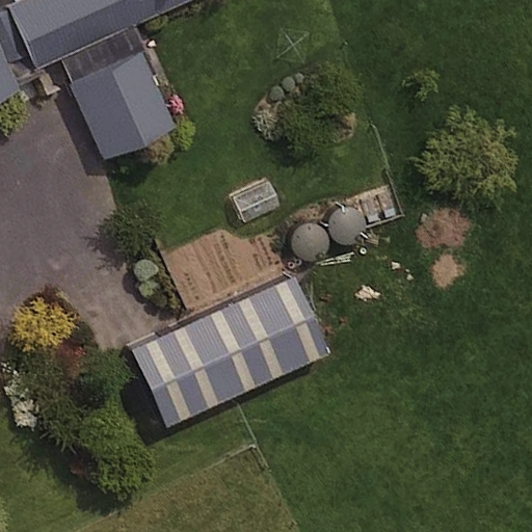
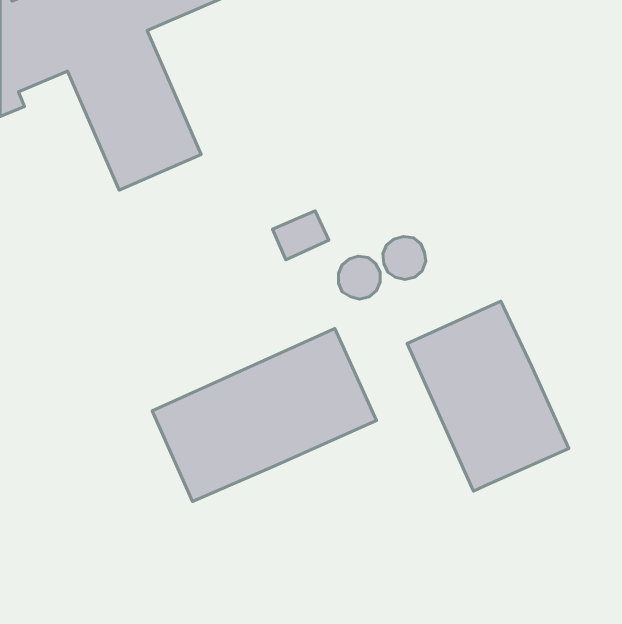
building: none -> [407,301,569,491]

